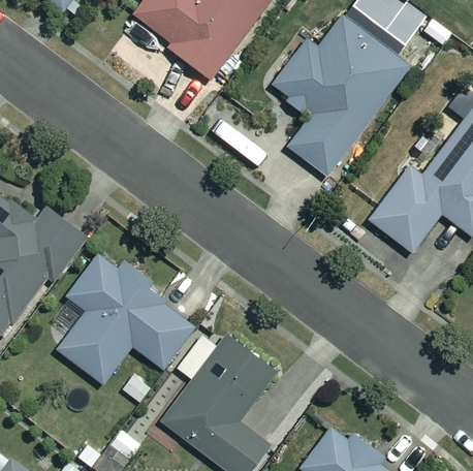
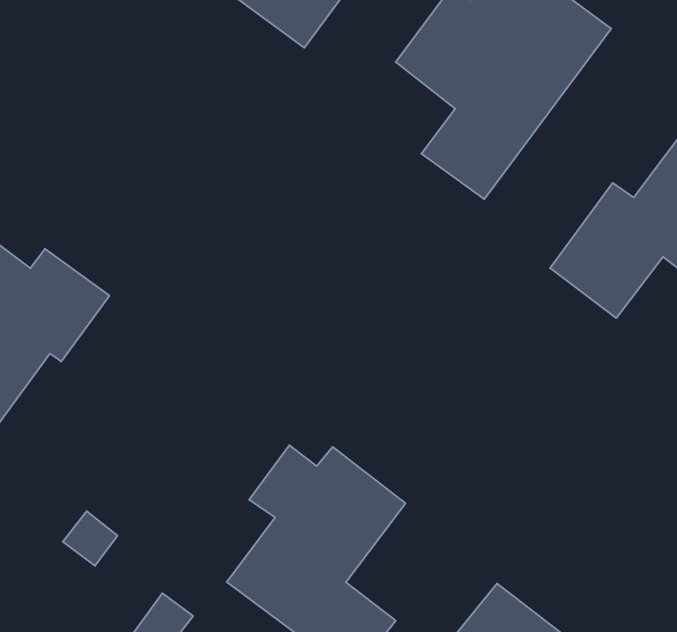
building: [57,254,197,383] -> none

